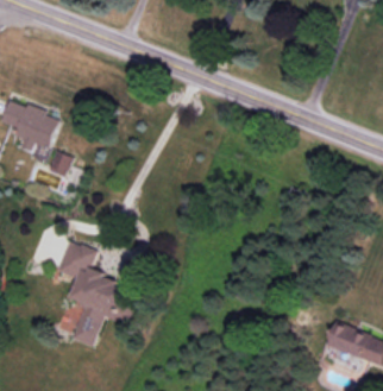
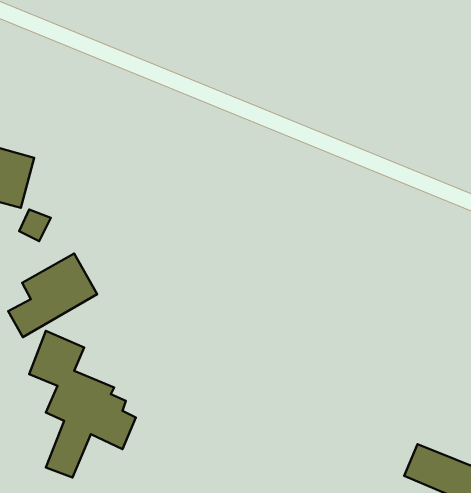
building: none -> [8,253,97,337]

